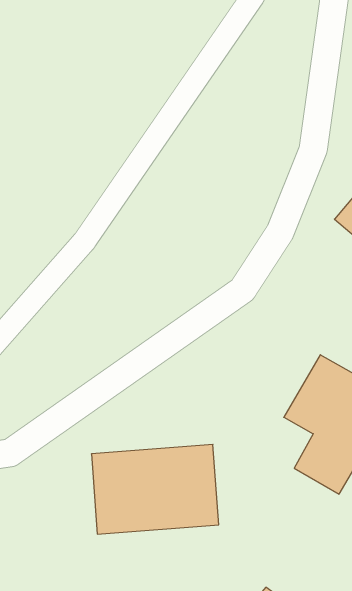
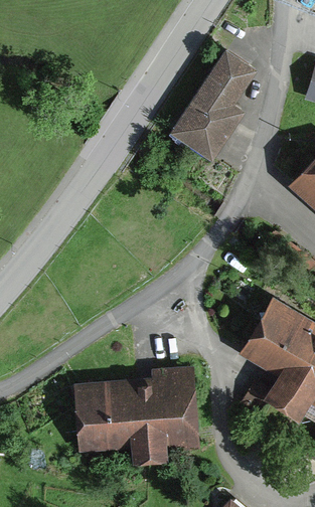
building: none -> [165,50,248,159]

